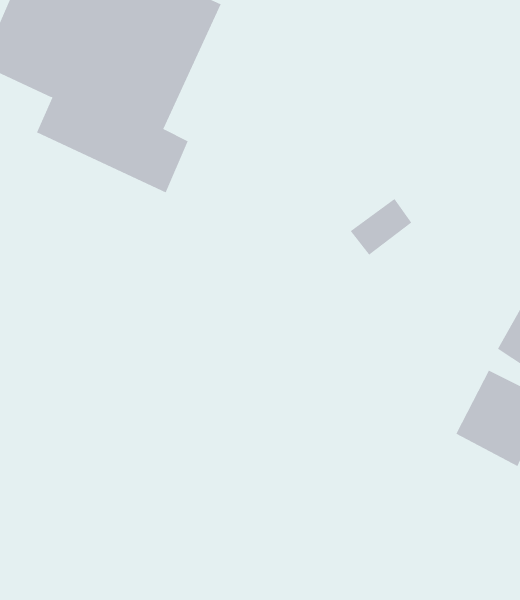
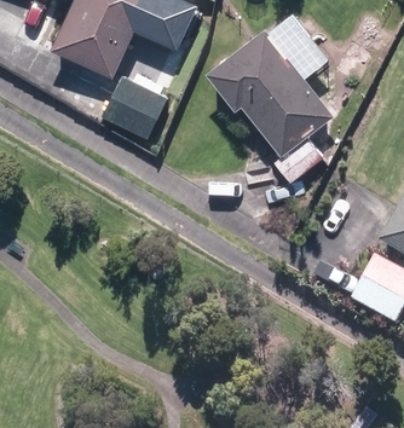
building: none -> [207,21,333,155]

